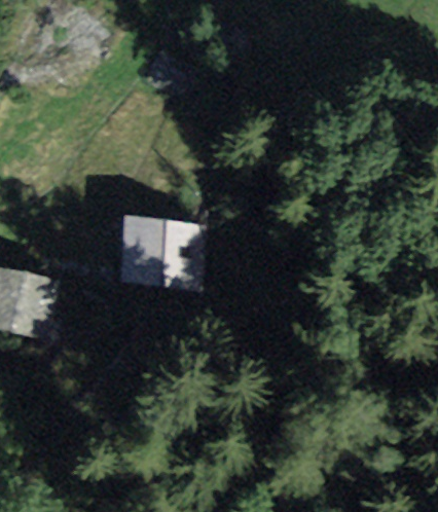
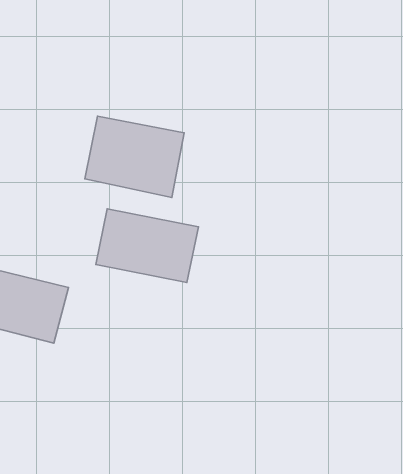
building: none -> [85,116,184,198]

